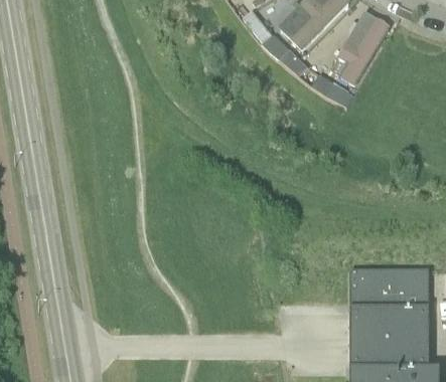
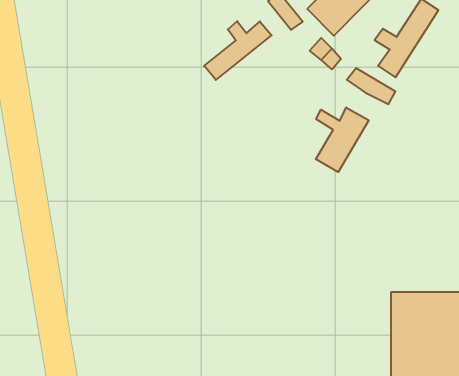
building: none -> [204,21,272,80]
building: none -> [316,107,369,172]

